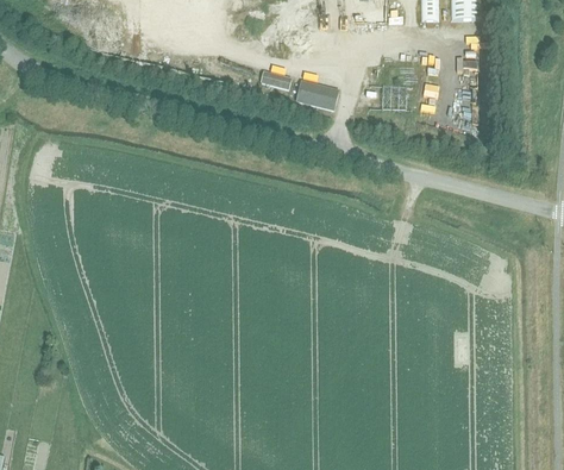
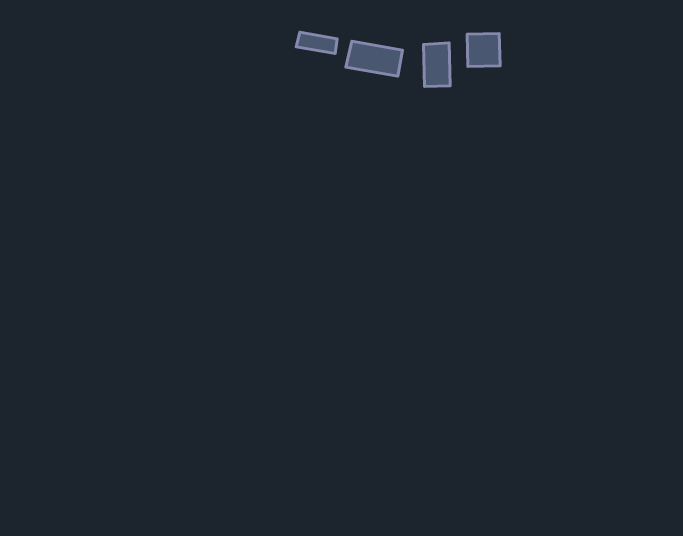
building: none -> [423,43,450,86]

